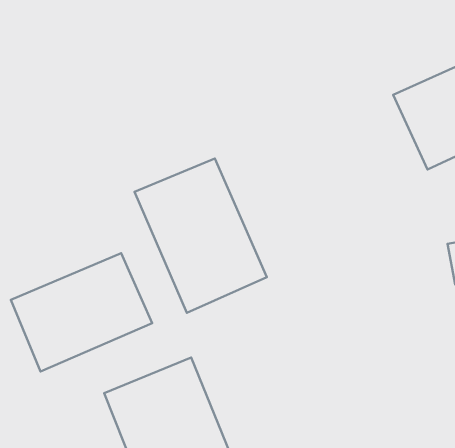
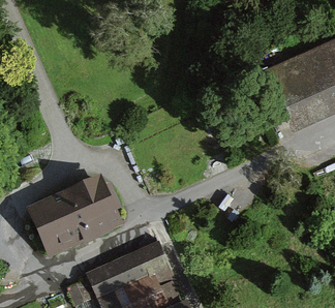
building: [135,158,267,313] -> none

